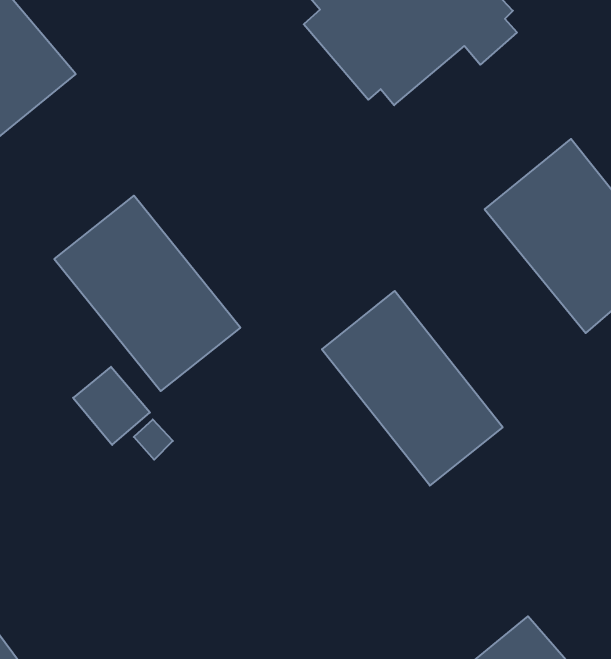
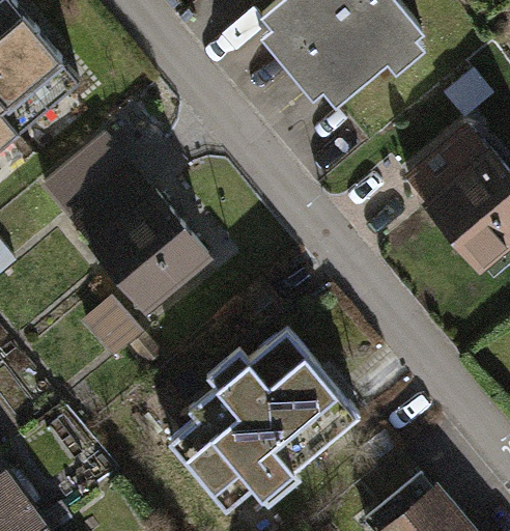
building: [322,291,503,486] -> none
building: none -> [160,320,364,513]

